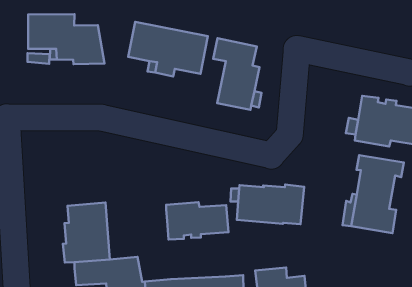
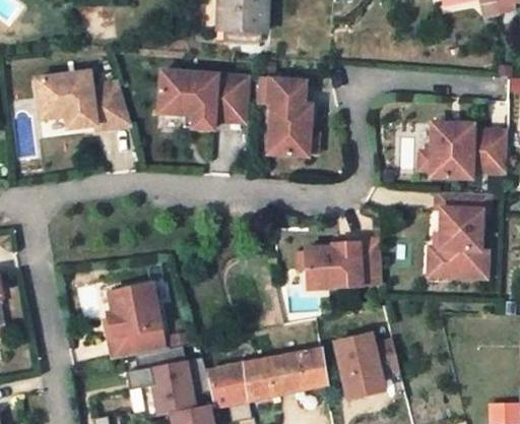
building: [166,202,228,239] -> none

